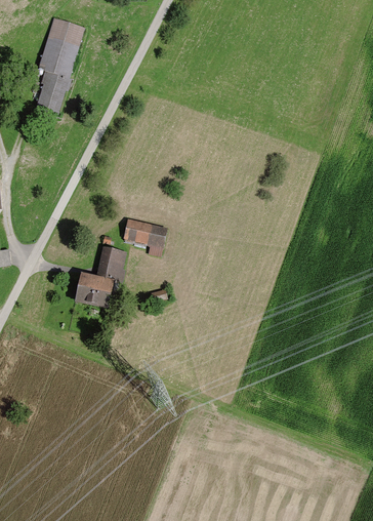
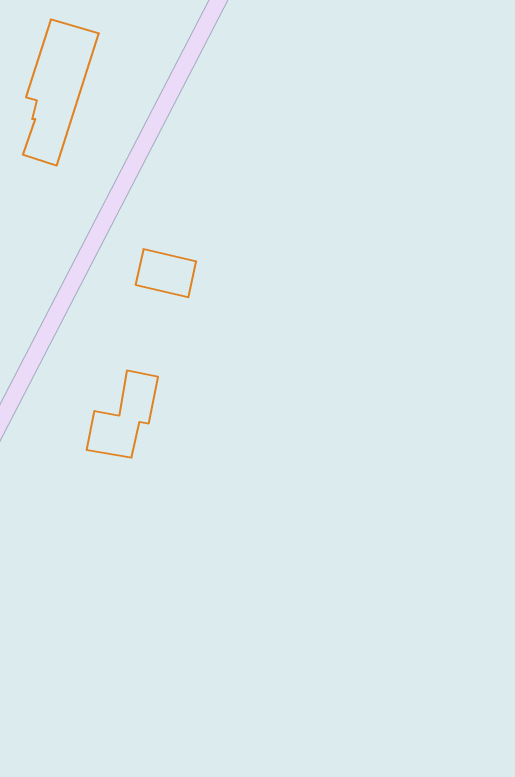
building: [123,218,163,250] -> [136,249,196,297]

